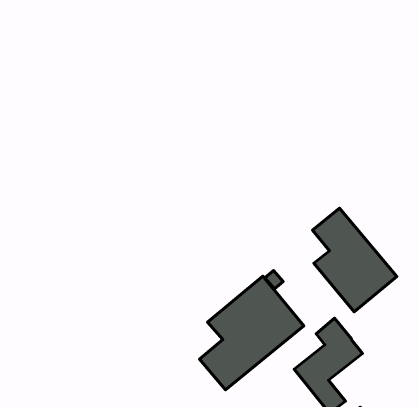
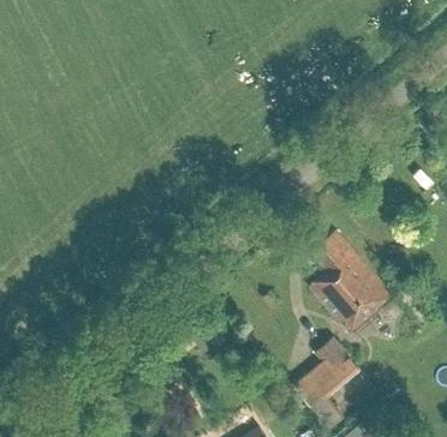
building: [199,276,304,390] -> none

